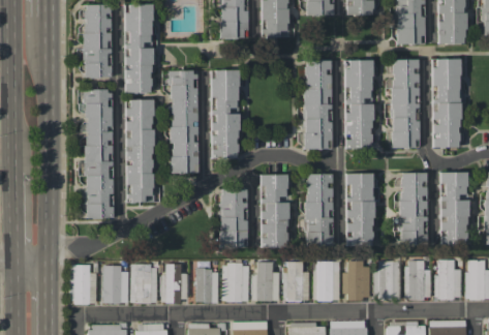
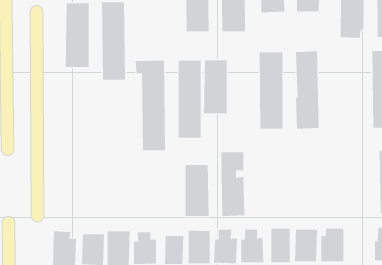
building: [392,60,420,149] -> none
building: none -> [204,60,227,114]
building: [85,90,114,219] -> none
building: [126,100,154,203] -> none
building: [400,173,428,246] -> none
building: [305,174,334,247] -> none
building: [346,174,373,247] -> none
building: [406,261,431,299] -> none

